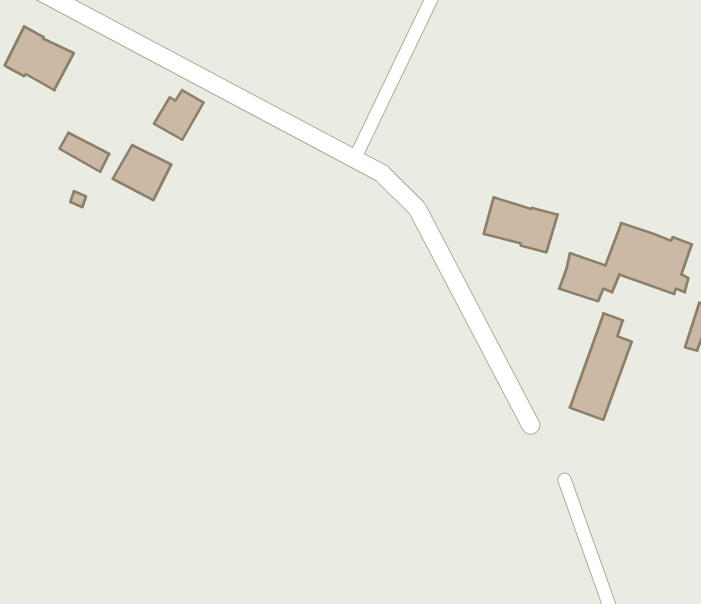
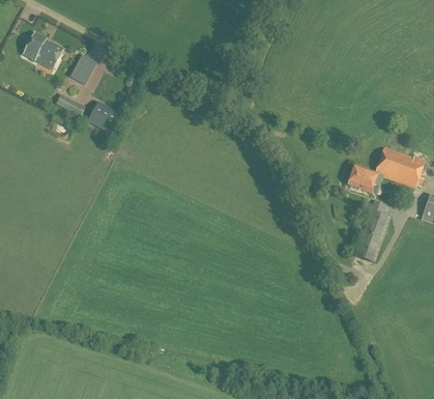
building: [154,90,204,140] -> [67,55,96,84]
building: [484,197,558,252] -> none

